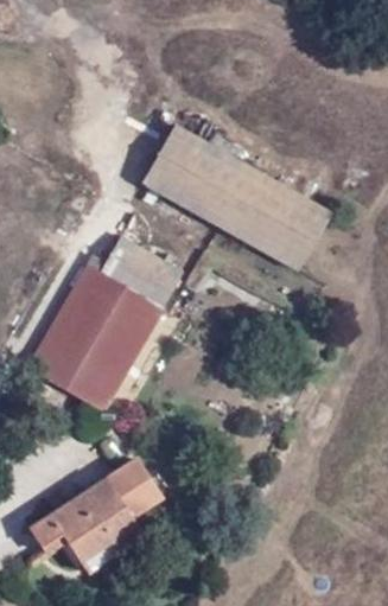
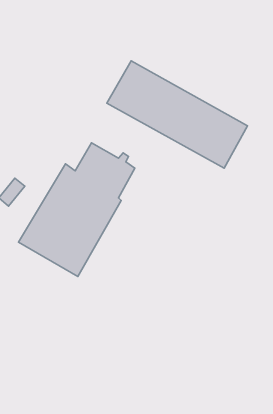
building: [31,460,161,570] -> none

